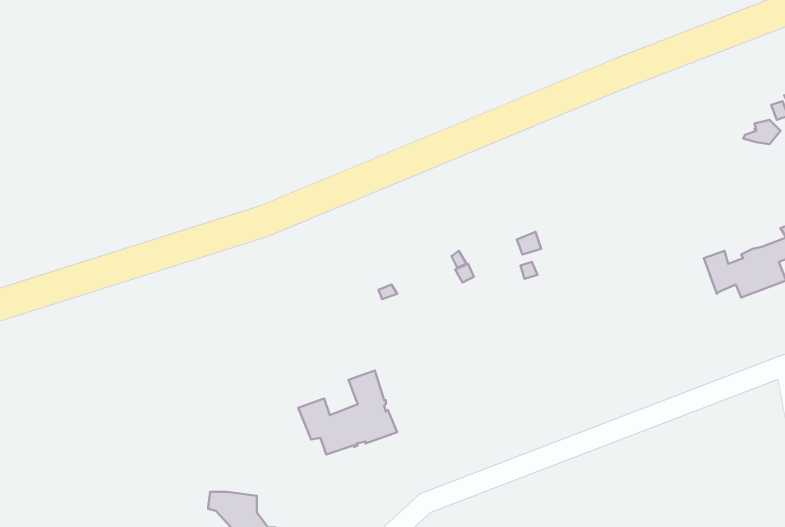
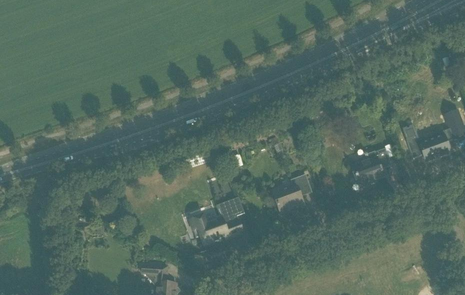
building: none -> [352,150,391,189]
building: none -> [271,176,310,216]

